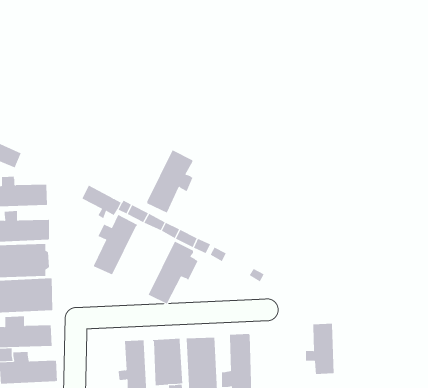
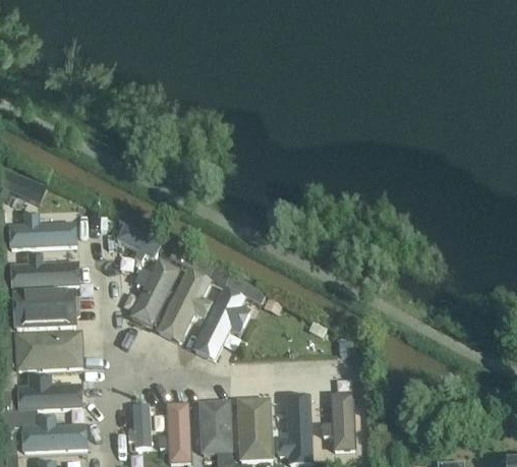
building: [146,149,193,213] -> [157,269,211,342]
building: [305,323,335,375] -> [322,392,355,451]
building: none -> [131,404,151,447]

